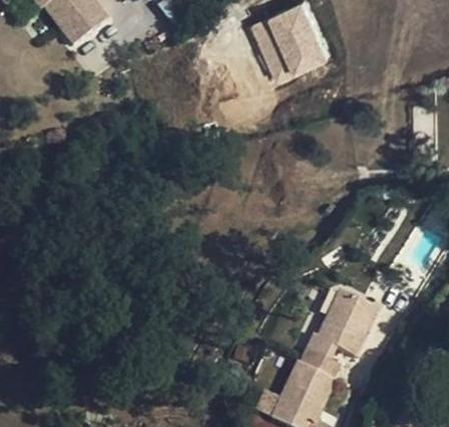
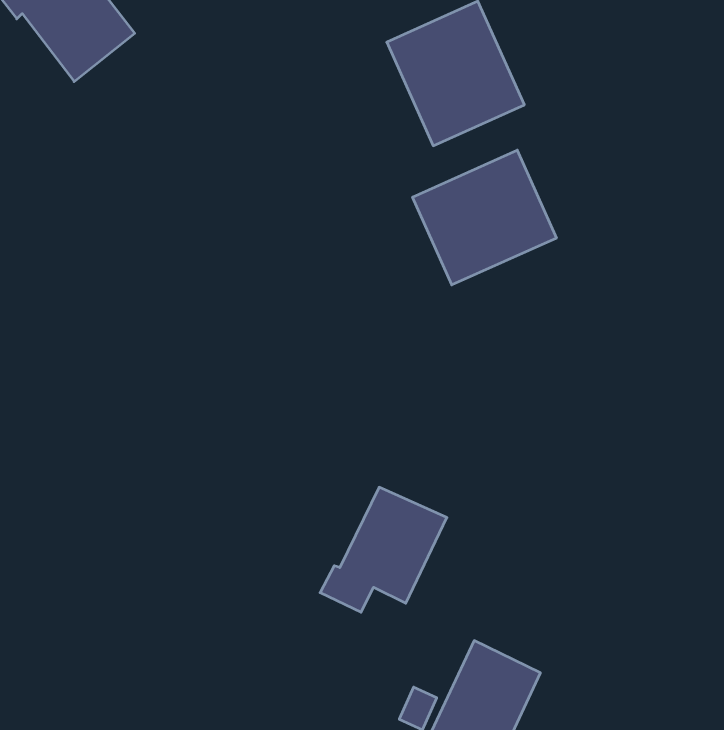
building: none -> [413,150,556,285]
building: [306,291,378,362] -> [320,487,447,612]

